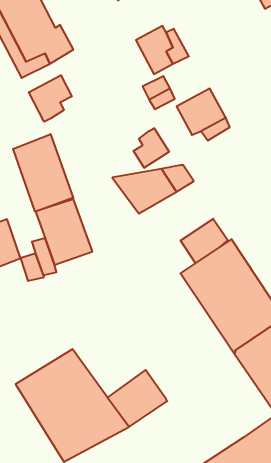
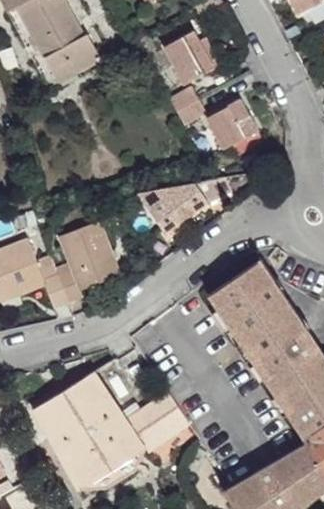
building: [29,75,72,122] -> none
building: [134,128,169,168] -> none
building: [13,134,73,212] -> none
building: [181,219,228,263] -> none

